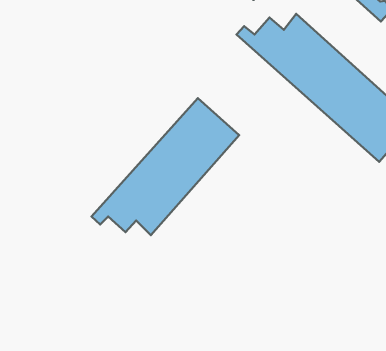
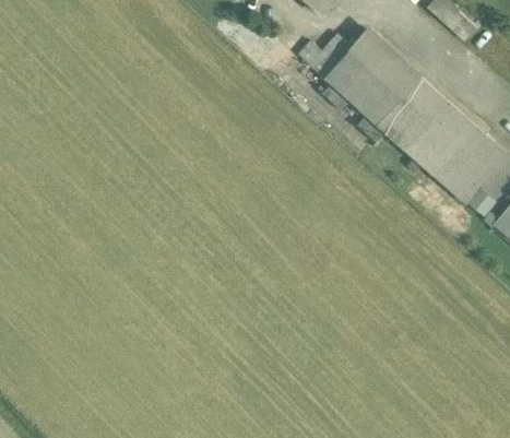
building: [92,98,239,235] -> none

